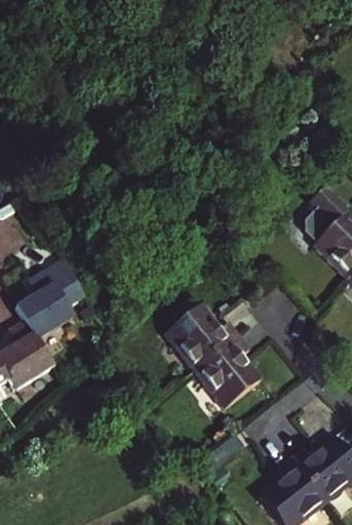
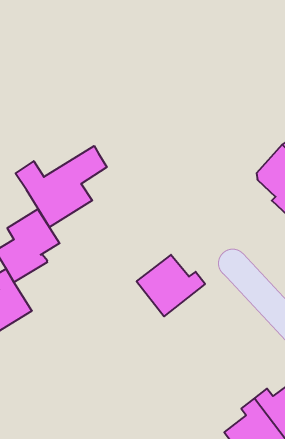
building: none -> [16,146,107,227]
building: [197,336,263,408] -> none

